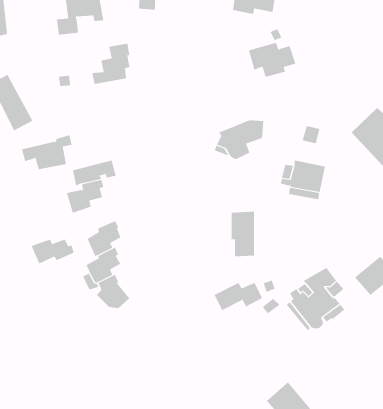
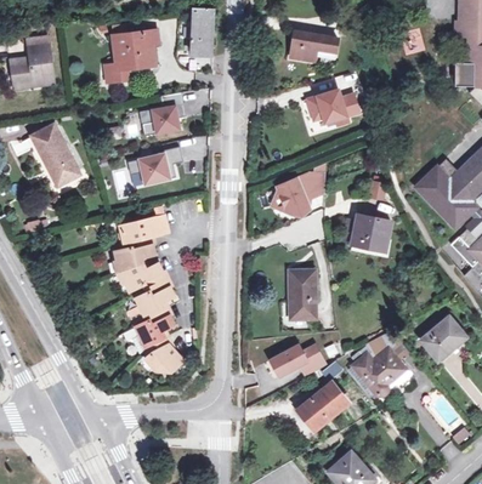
building: [21,134,73,170] -> [127,146,182,183]
building: [31,239,74,264] -> [121,264,168,291]
building: none -> [299,381,348,429]

